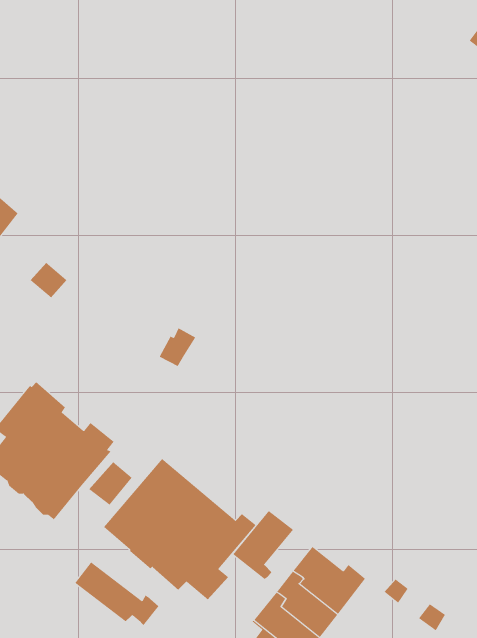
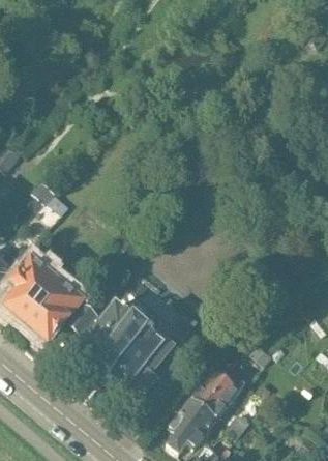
building: [233,510,294,580] -> none
building: [75,561,159,626] -> none

